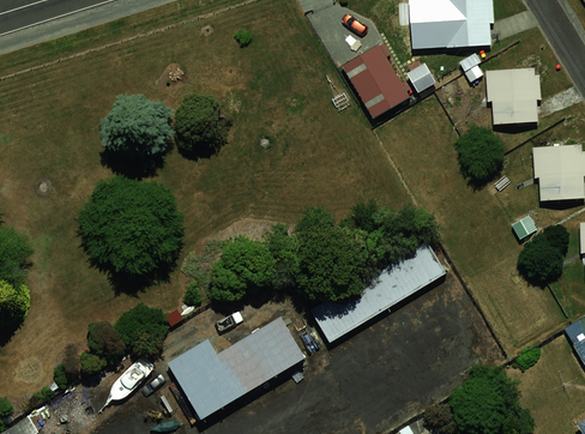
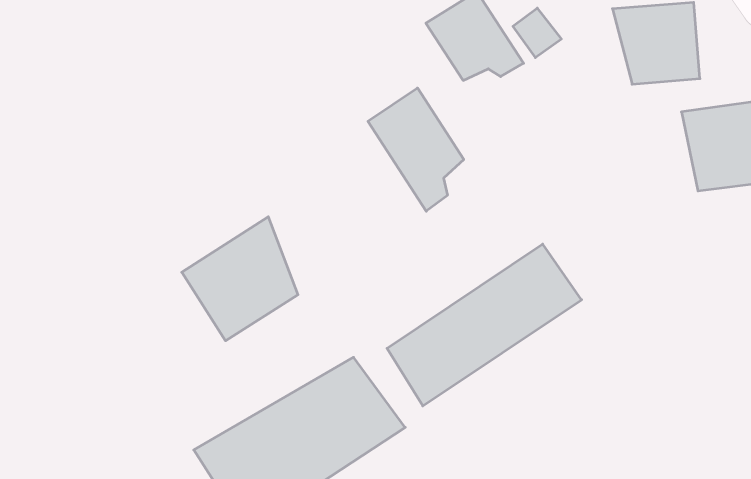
building: none -> [368,88,464,211]
building: none -> [182,217,298,341]

